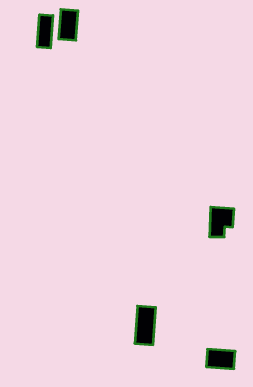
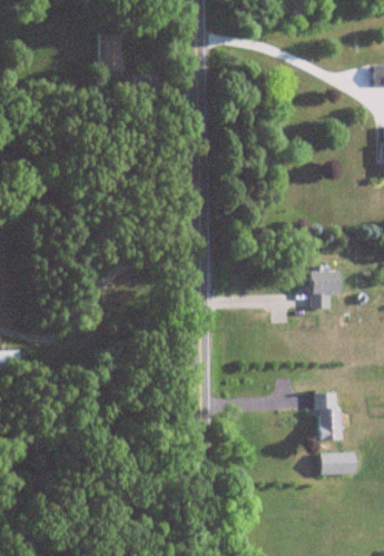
building: [37,15,53,48] -> none
building: [135,306,156,345] -> [317,391,341,439]

